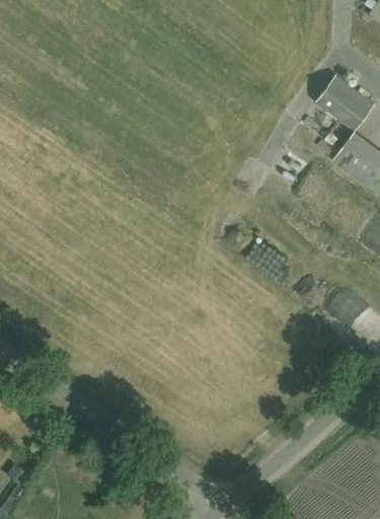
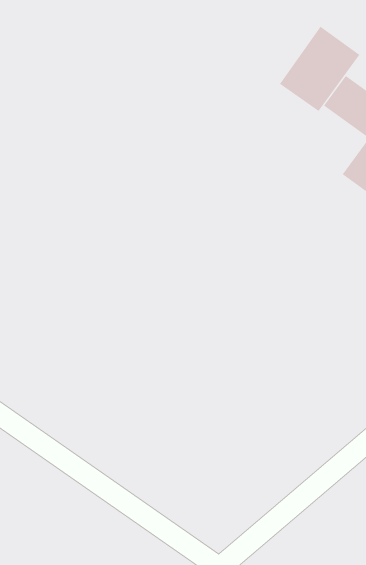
building: none -> [279,26,360,112]

